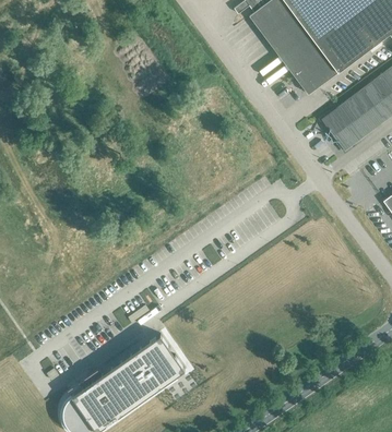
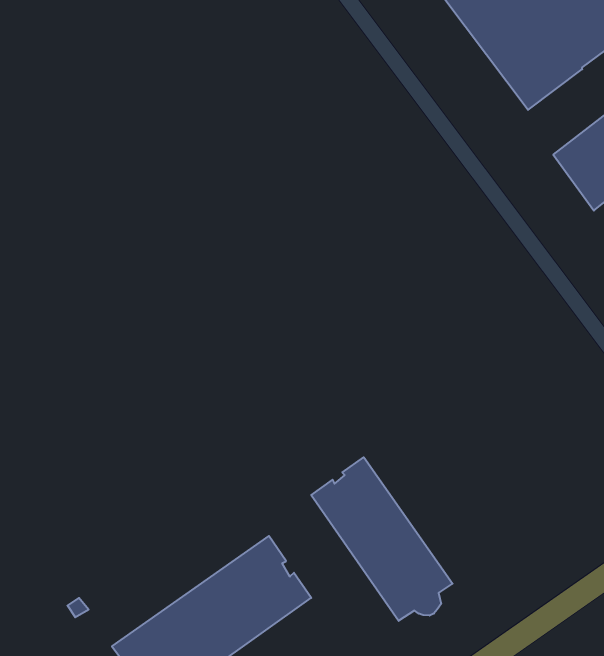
building: none -> [311,457,453,621]

